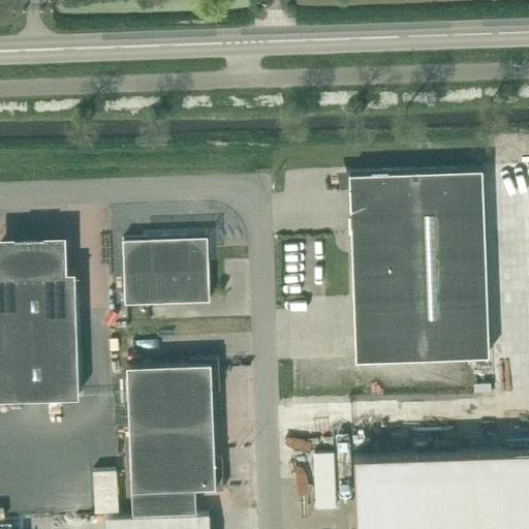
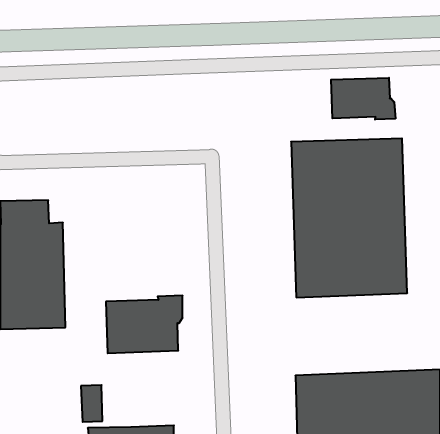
building: none -> [331,78,395,120]
building: [123,240,210,307] -> none
building: [129,428,223,516] -> none

